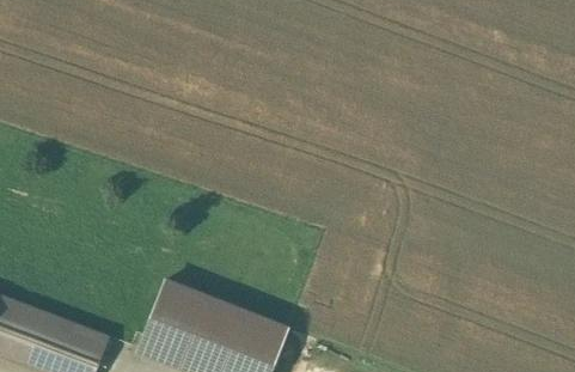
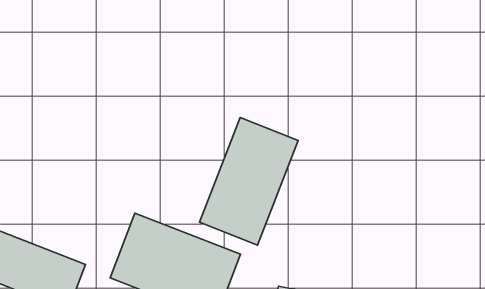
building: none -> [200,118,298,245]

